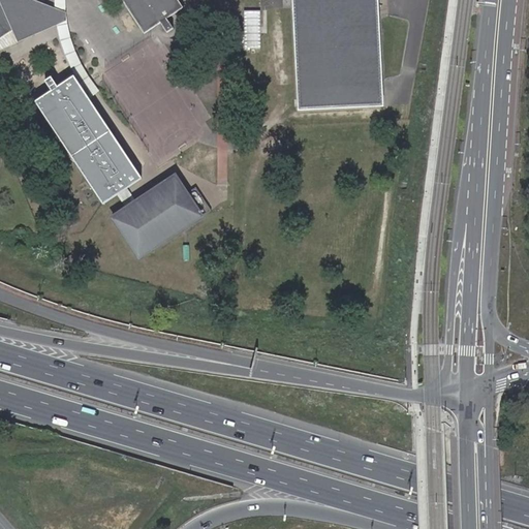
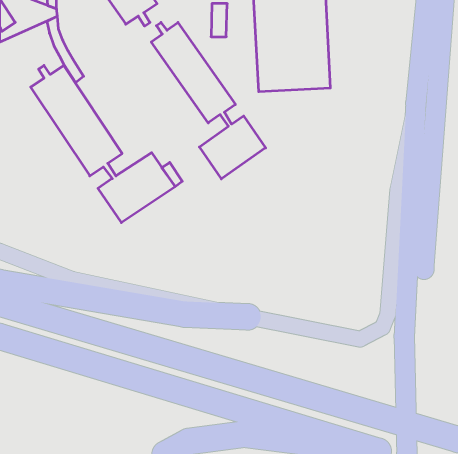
building: none -> [151,22,266,179]

